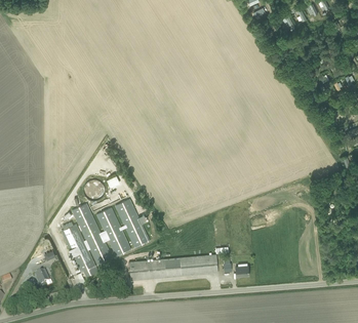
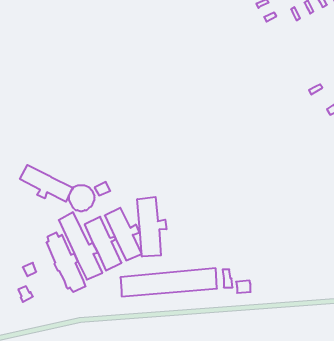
building: none -> [20,165,72,202]
building: none -> [137,197,166,257]

